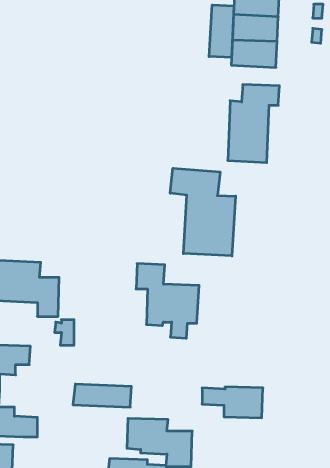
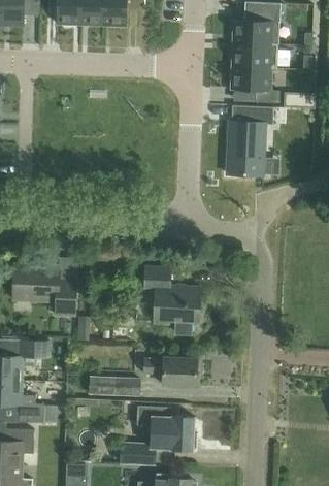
building: [209,5,234,58] -> none
building: [170,168,236,256] -> none
building: [202,387,263,418] -> [143,358,198,386]

